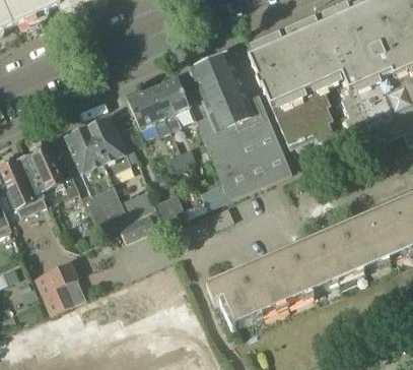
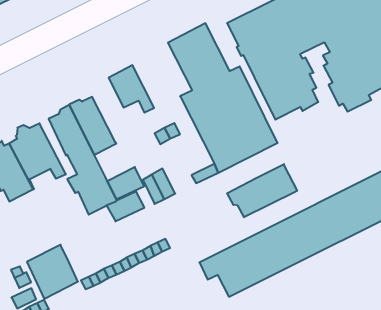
building: [150,75,190,130] -> none
building: none -> [227,164,297,217]

